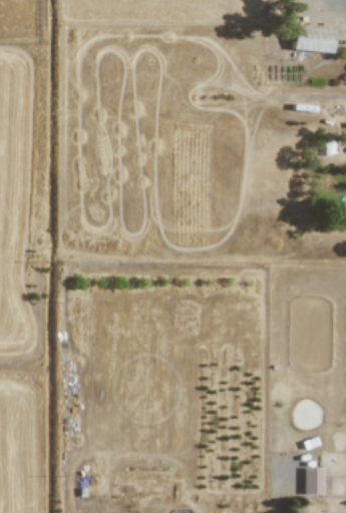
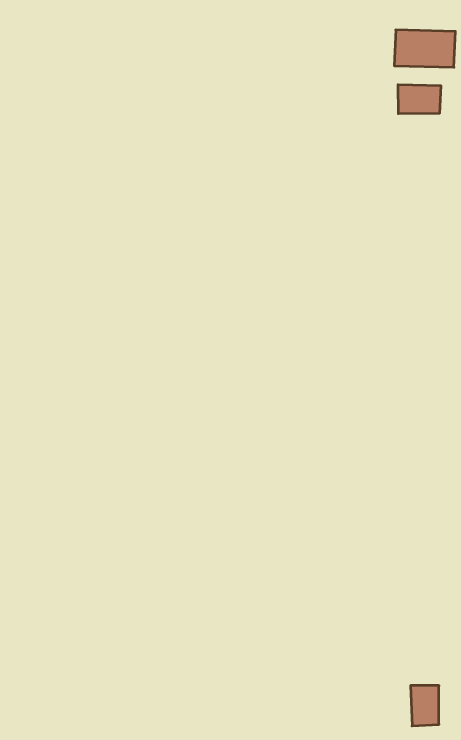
building: none -> [398,85,441,114]

